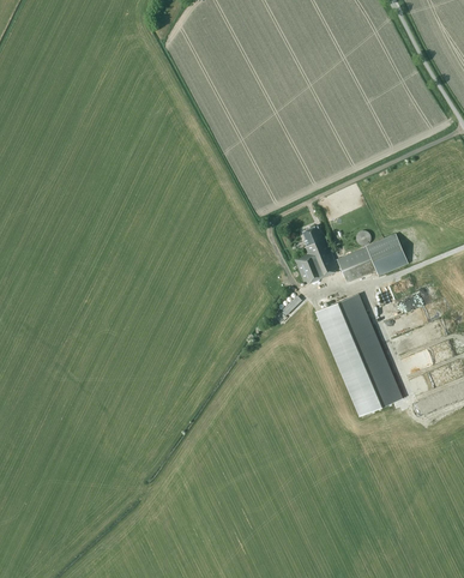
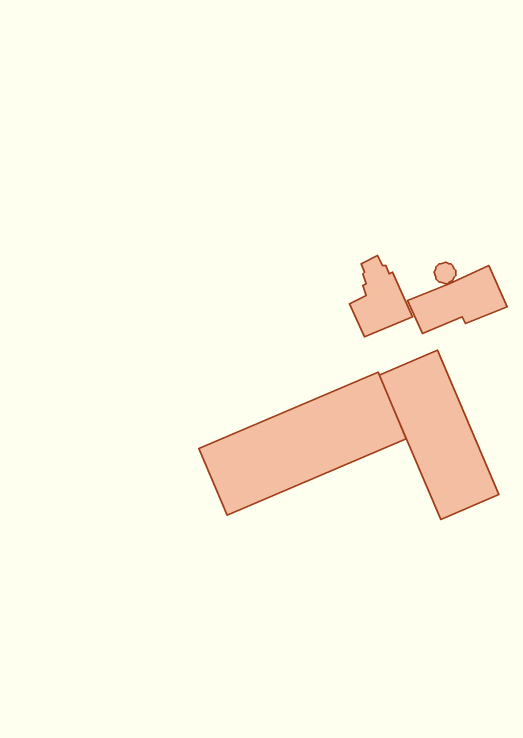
building: none -> [199,372,406,515]

